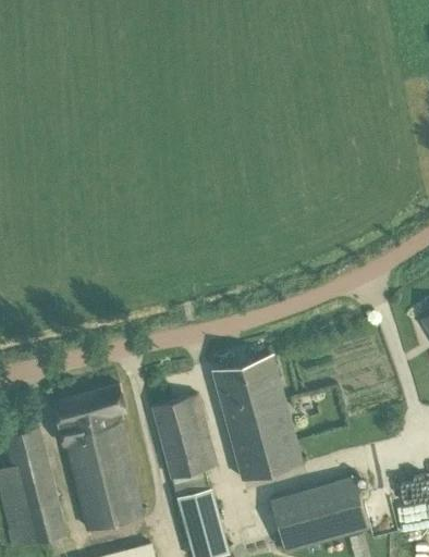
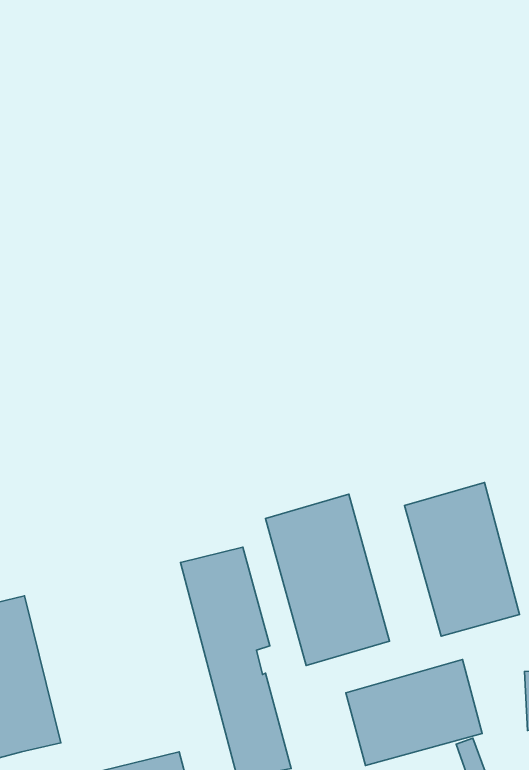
building: none -> [405,483,519,636]
building: [52,385,144,531] -> none

